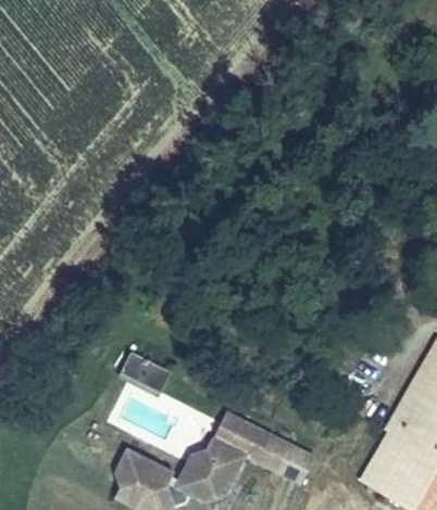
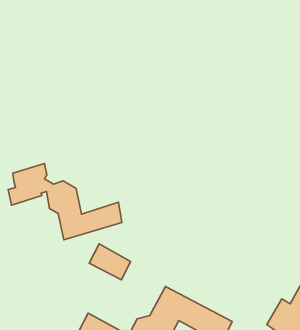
building: none -> [8,164,122,240]

